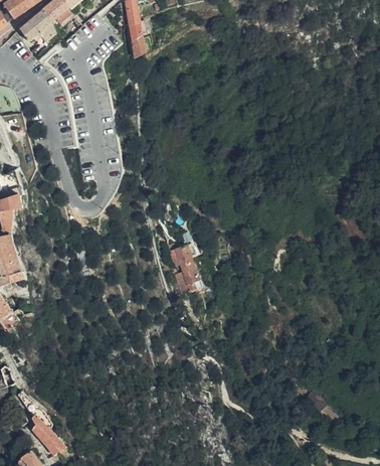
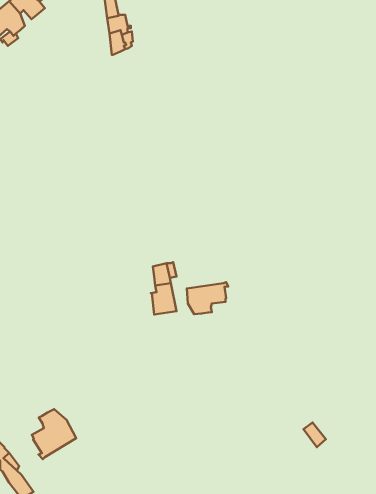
building: none -> [187,282,228,314]
building: none -> [32,409,76,459]

